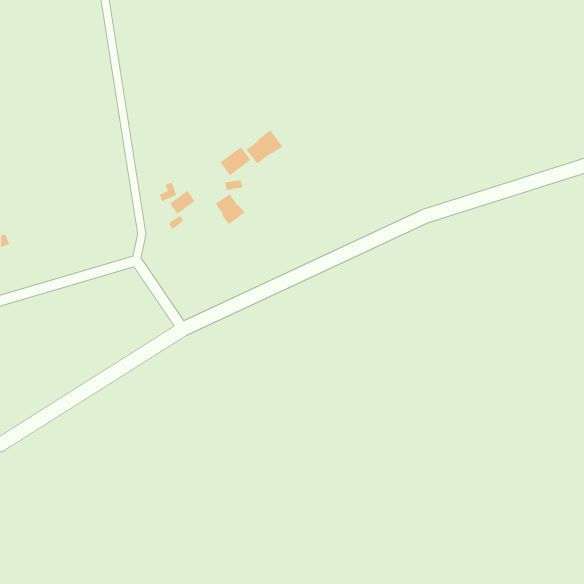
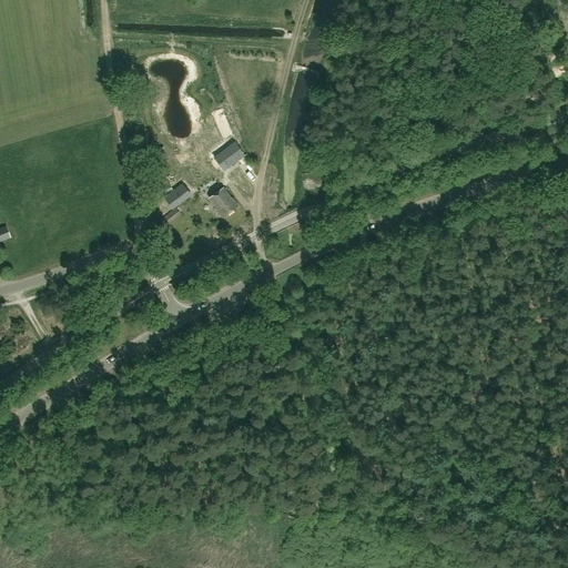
building: [246,129,283,165] -> none

